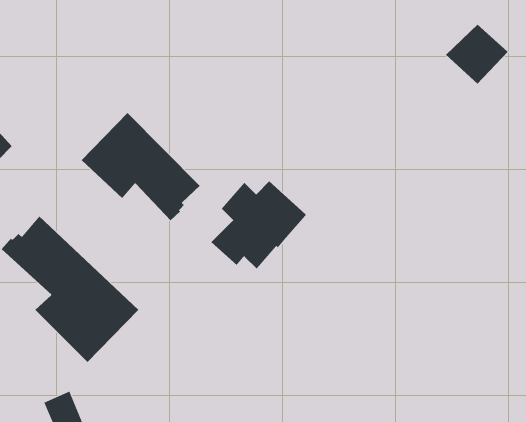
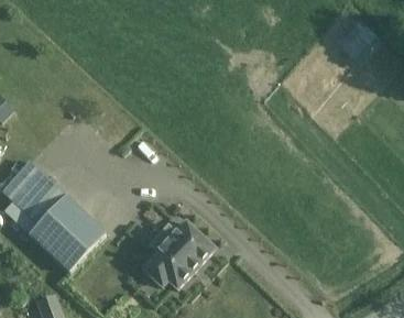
building: [81,112,201,221] -> none
building: [210,180,308,270] -> [142,221,215,288]

